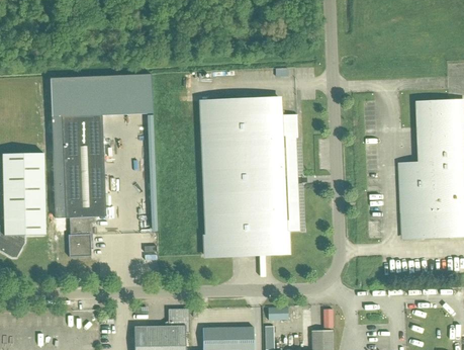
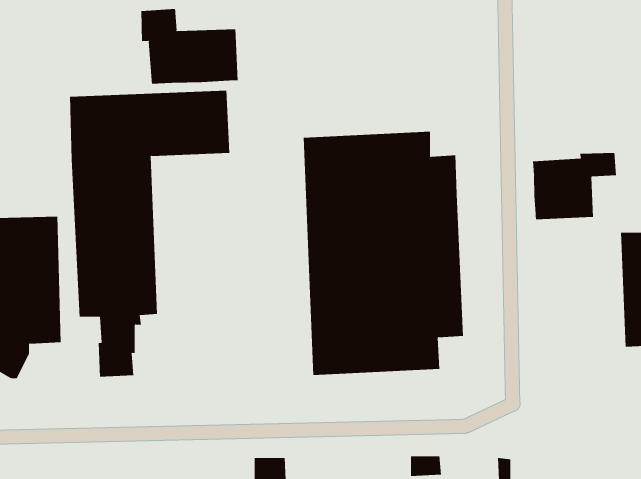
building: none -> [141,8,238,85]
building: none -> [533,152,616,220]

